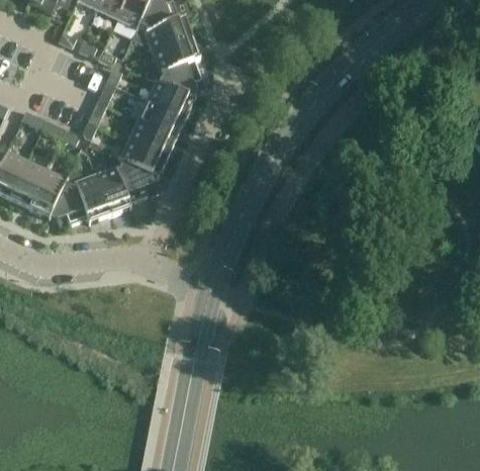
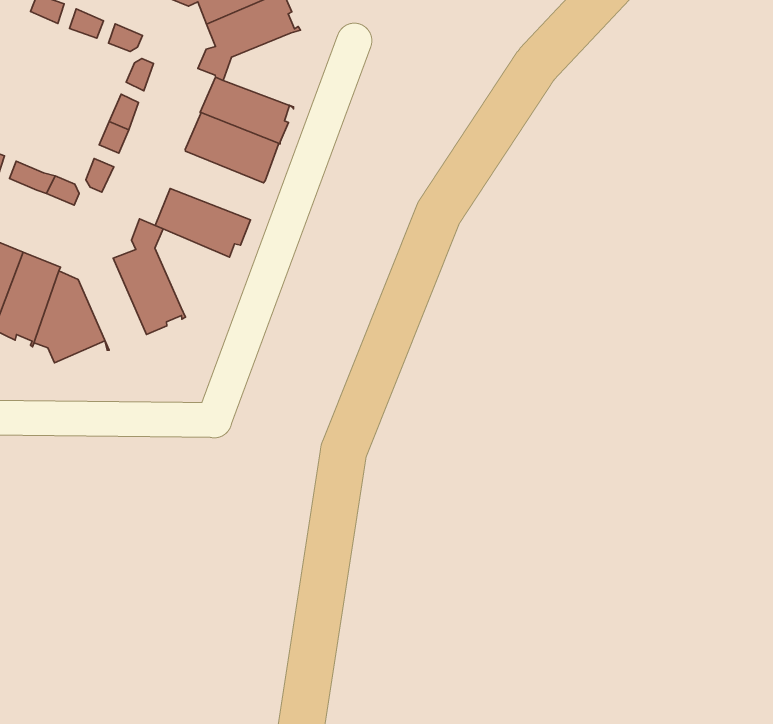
building: [158,60,204,99] -> none
building: [126,119,176,158] -> none
building: [116,160,156,202] -> none
building: [65,168,109,222] -> none

